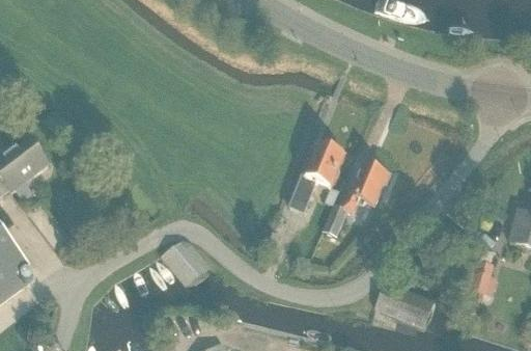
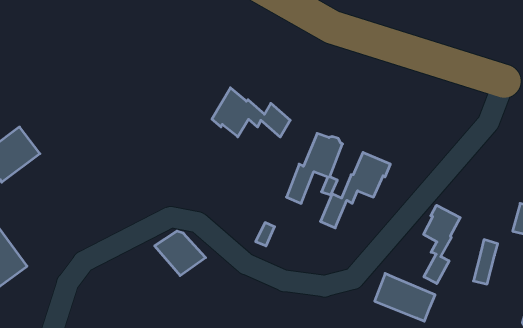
building: none -> [212,88,290,137]
building: none -> [424,205,460,284]

